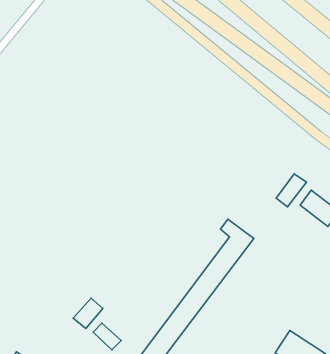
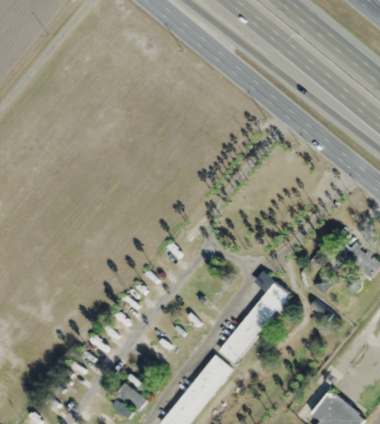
building: [276,174,307,207] -> none
building: [73,298,103,329] -> none

